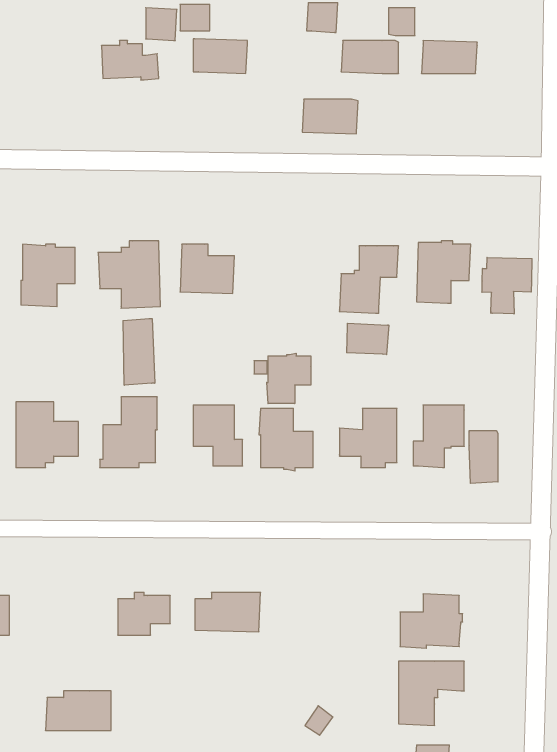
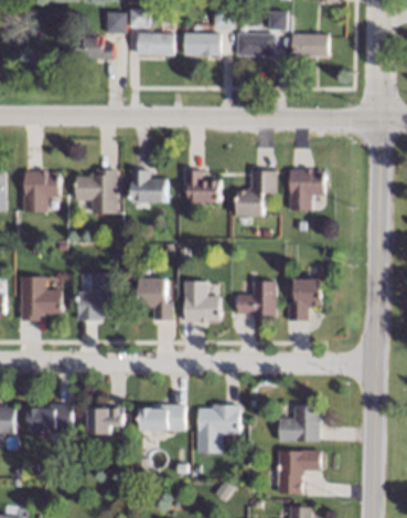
building: [302,99,358,134] -> [185,32,223,55]
building: none -> [184,170,219,203]
building: [482,257,532,314] -> none
building: [123,319,155,385] -> none
building: [347,323,389,355] -> none
building: [267,353,311,404] -> none
building: [469,431,498,483] -> none
building: none -> [196,404,239,453]
building: [45,691,111,730] -> [28,403,72,430]

